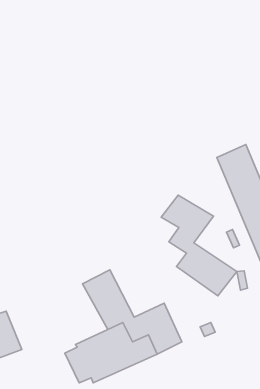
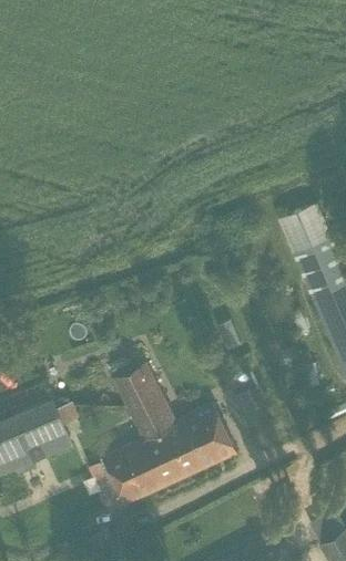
building: [161,195,237,296] -> none
building: none -> [14,399,72,464]

